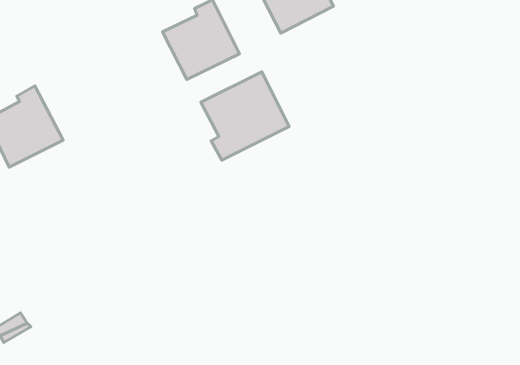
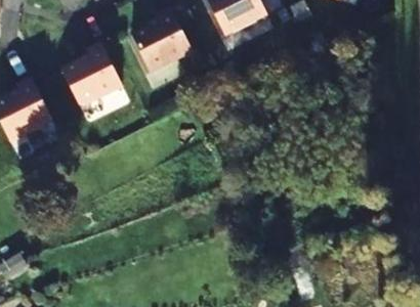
building: none -> [60,44,123,106]
building: [201,72,289,160] -> none

